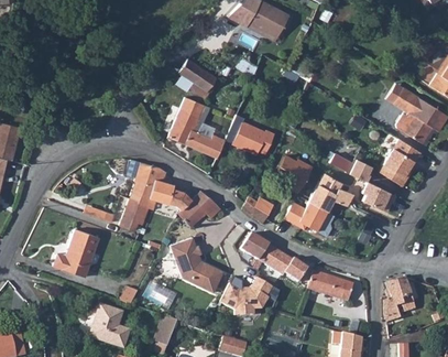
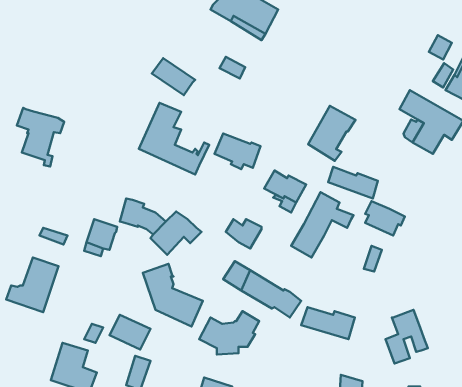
building: [380,137,420,184] -> [308,106,355,161]
building: [124,159,165,209] -> [17,108,64,166]

